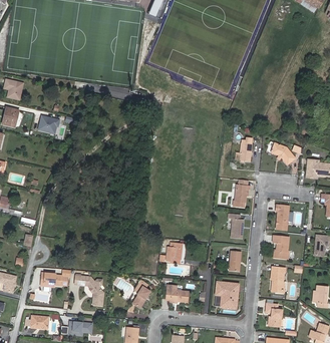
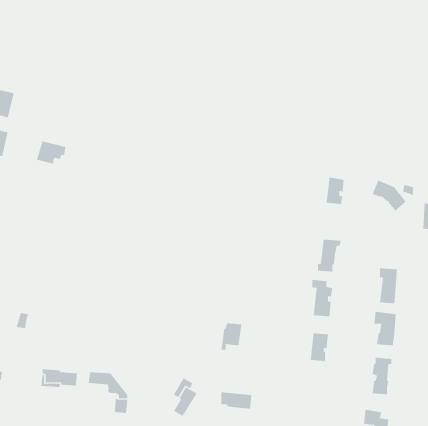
building: [216,282,239,308] -> none

